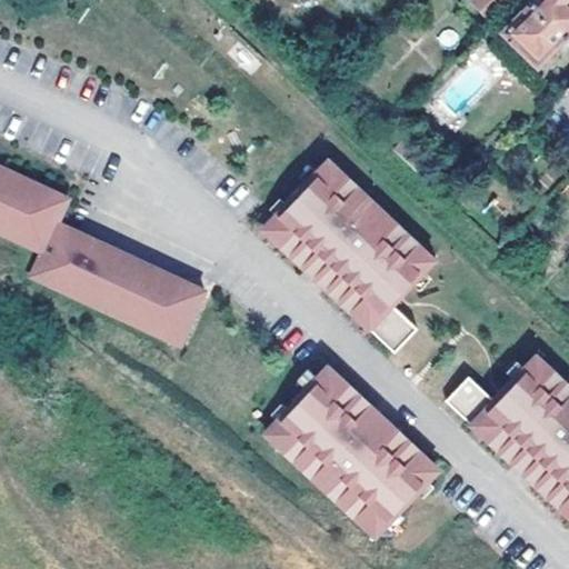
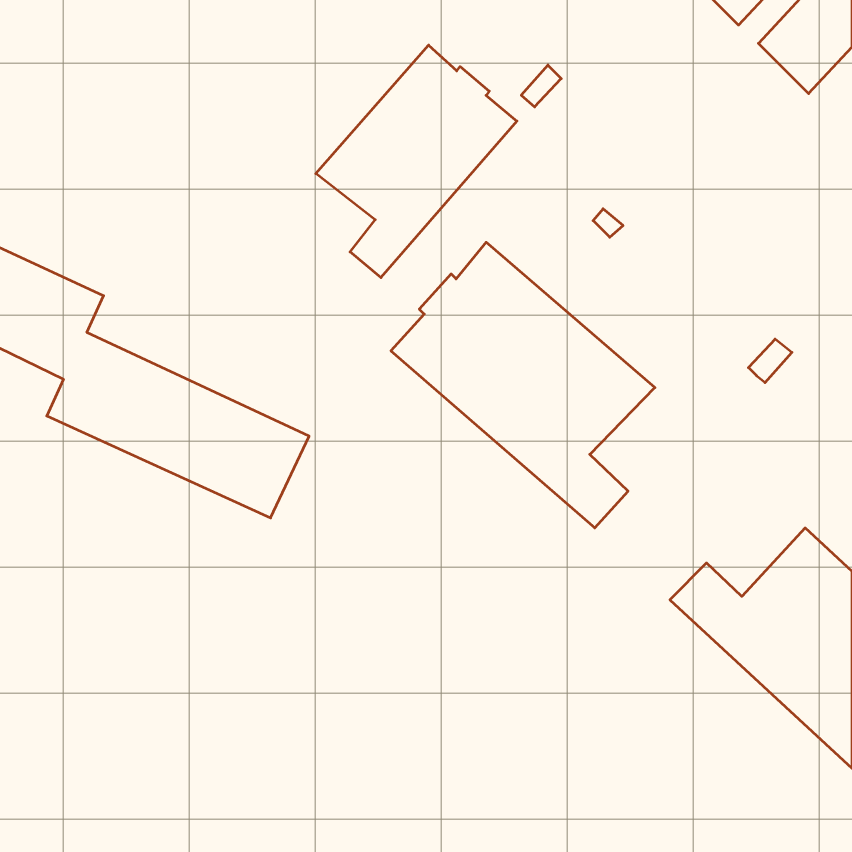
building: none -> [316,45,517,278]
building: [268,367,438,533] -> none

